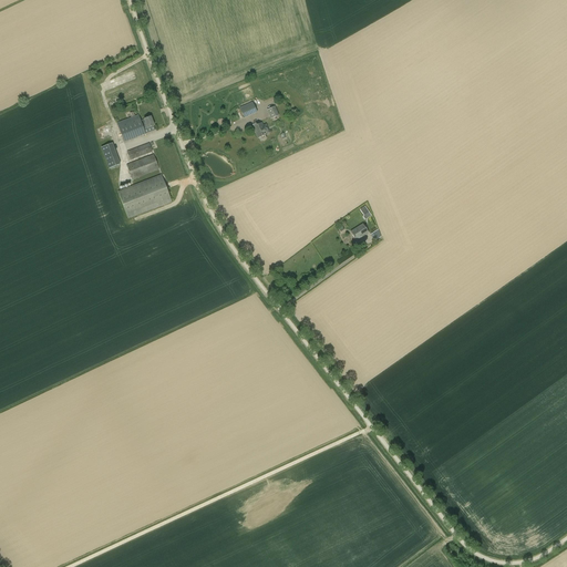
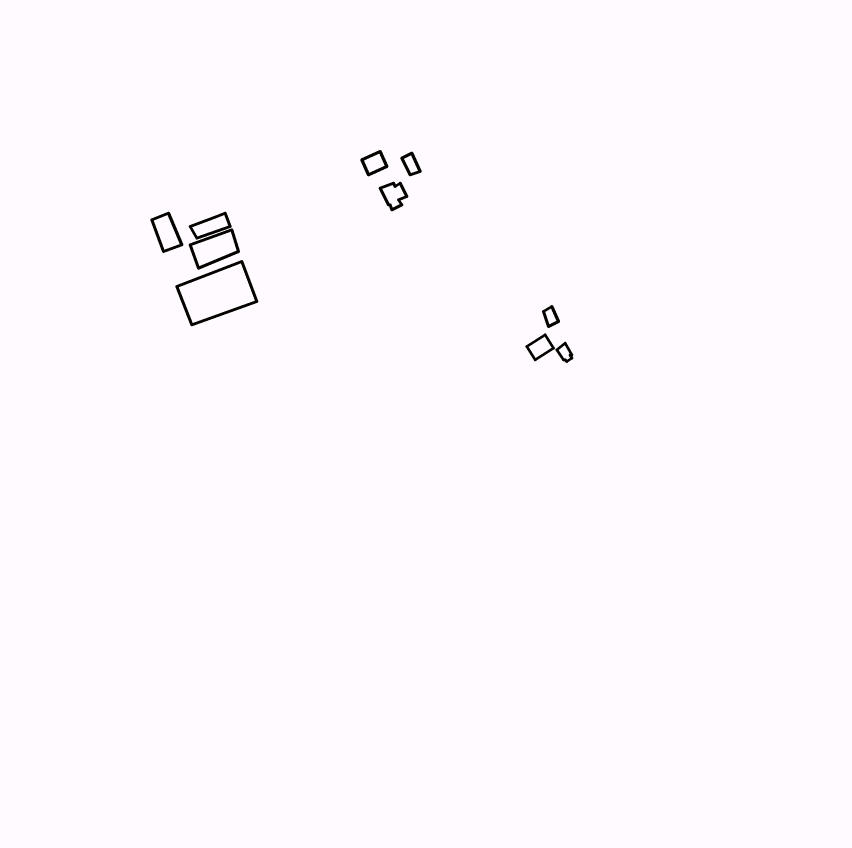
building: [116,113,154,141] -> none

